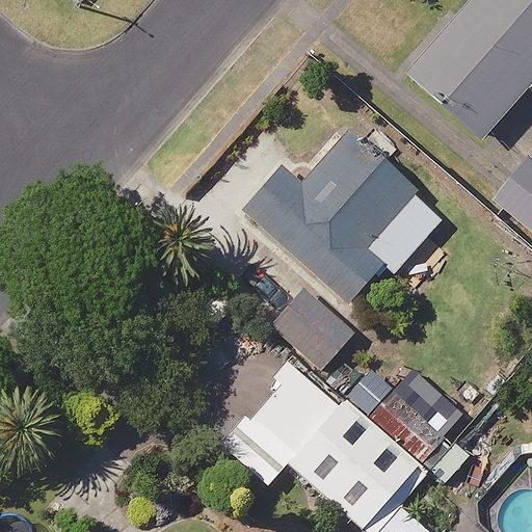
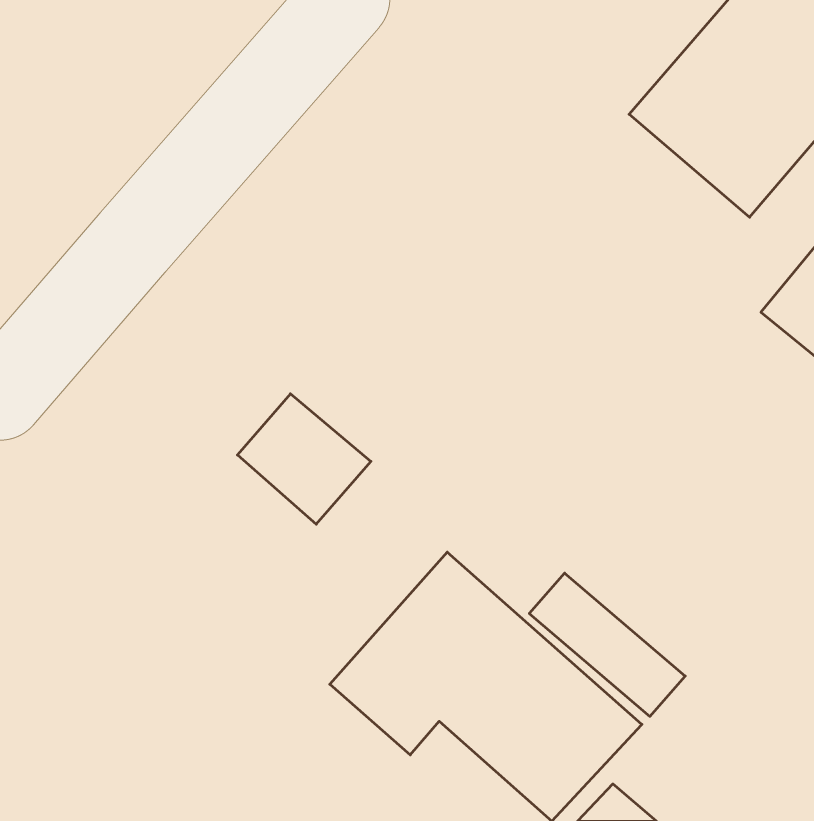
building: [241,129,417,304] -> none
building: [271,286,357,370] -> [237,394,371,524]

